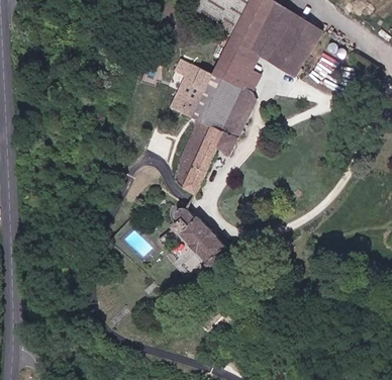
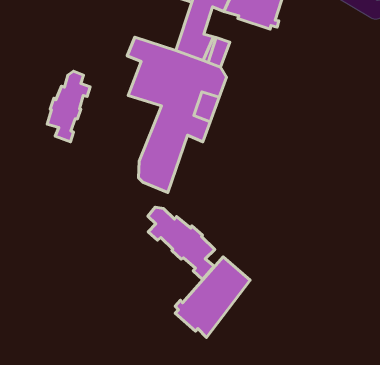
building: none -> [47,71,90,142]
building: none -> [175,257,250,337]

